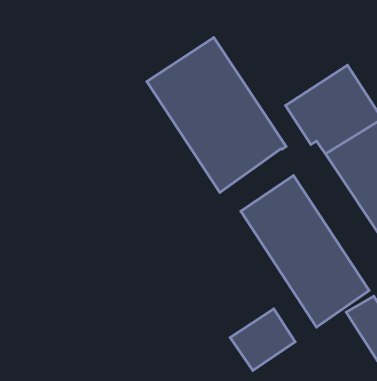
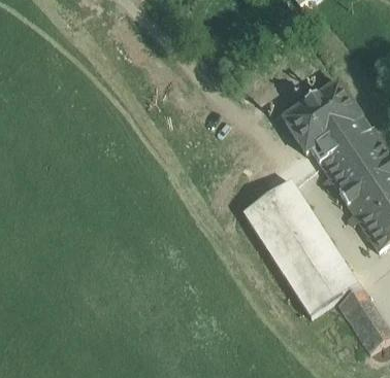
building: [147,38,286,192] -> none
building: [230,309,295,370] -> none

